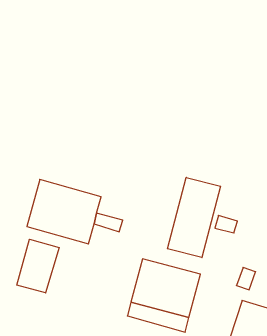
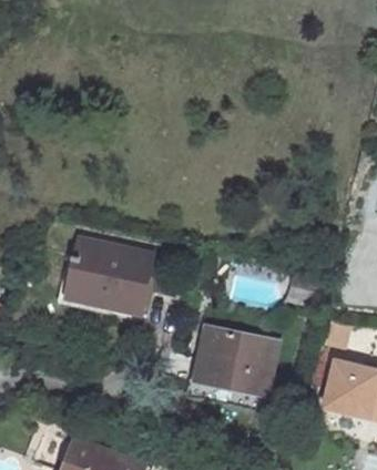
building: [167,177,221,258] -> none
building: [17,239,59,293] -> none

